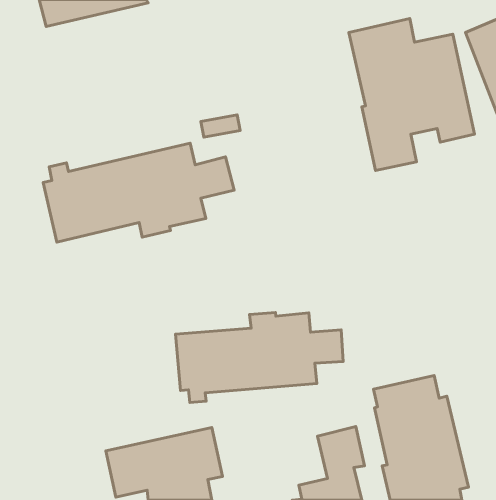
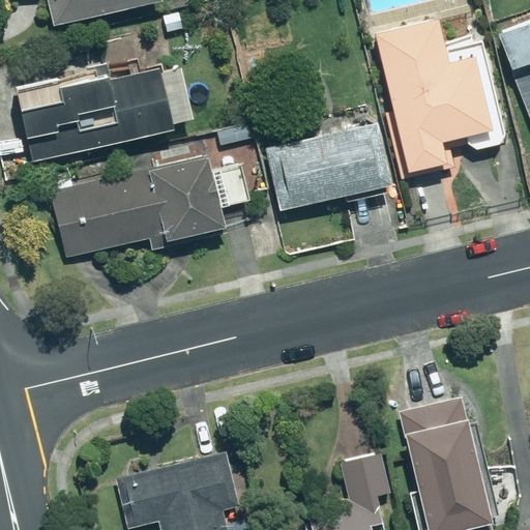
building: none -> [18,66,193,161]
building: none -> [265,123,389,211]
building: [175,313,343,403] -> none

